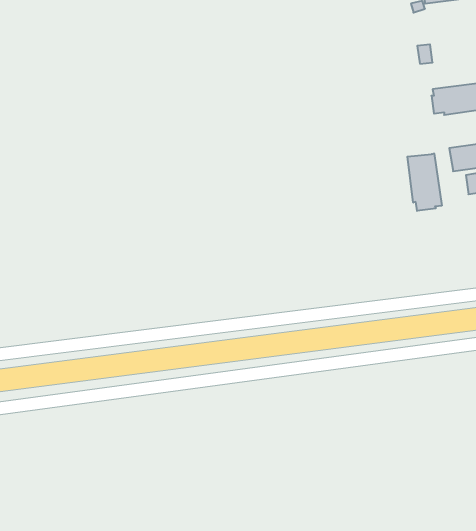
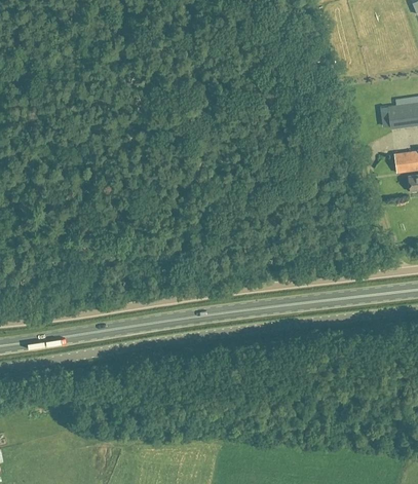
building: [407,153,442,211] -> none

